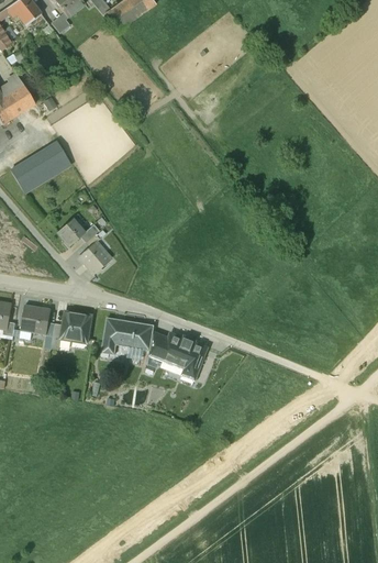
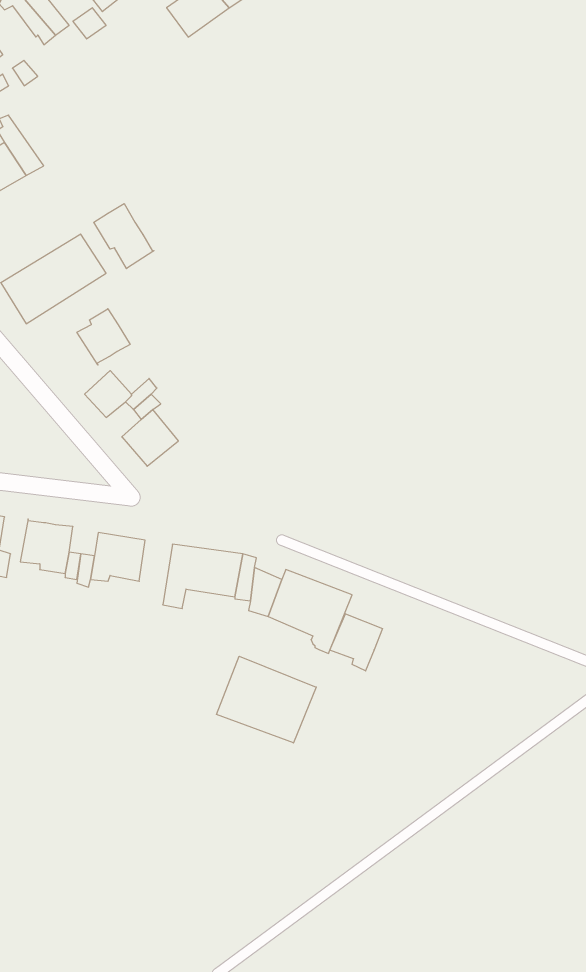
building: none -> [94,204,154,269]
building: none -> [77,309,130,365]
building: none -> [330,614,383,671]
building: none -> [216,656,316,743]

